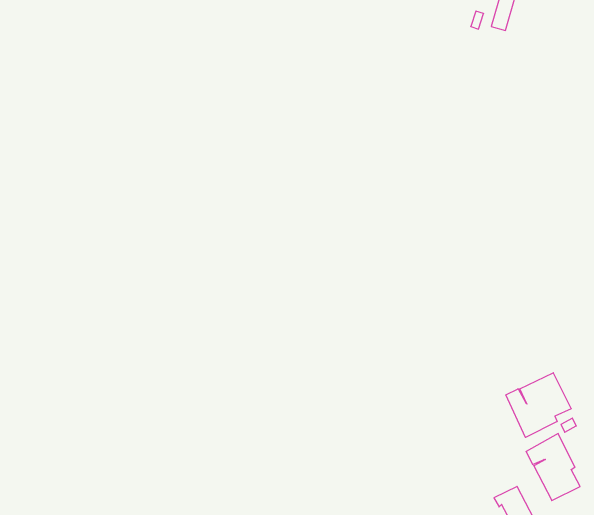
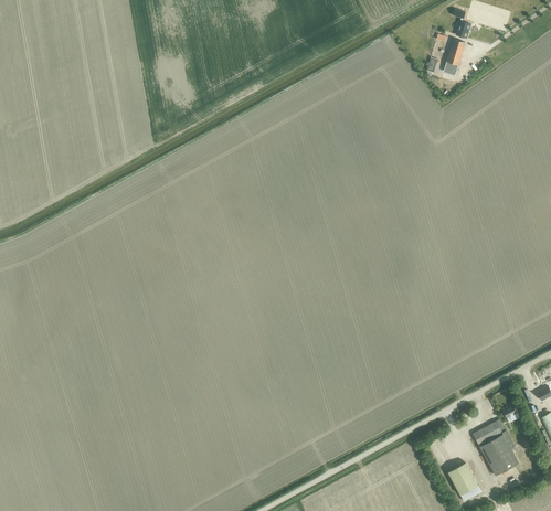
building: [506,373,571,437] -> none

